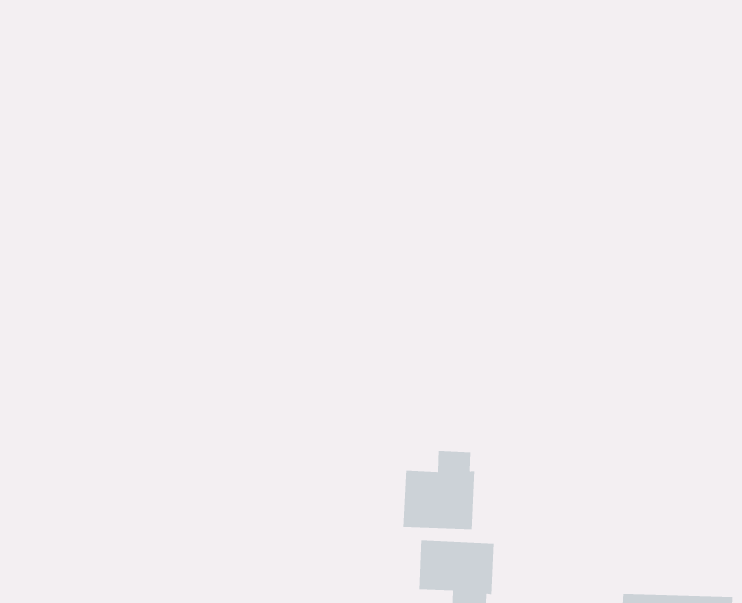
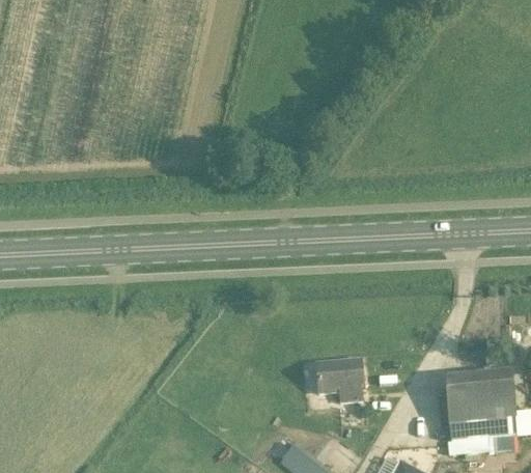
building: [403,450,475,530] -> none

